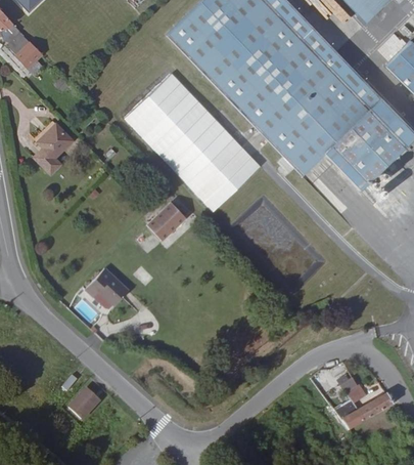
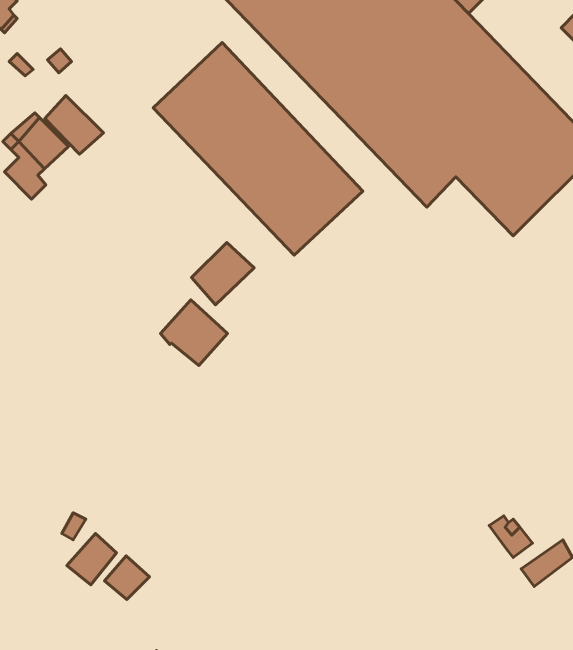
building: none -> [45,95,103,154]
building: [94,271,137,313] -> [160,300,228,365]
building: [338,397,370,431] -> none
building: none -> [105,556,150,599]

